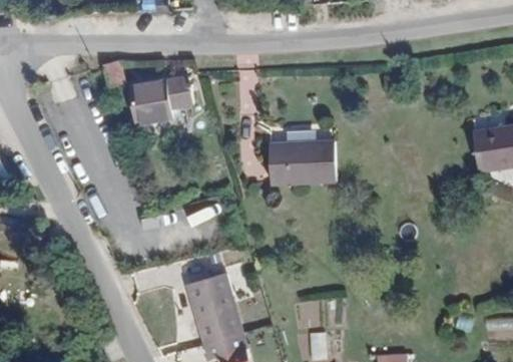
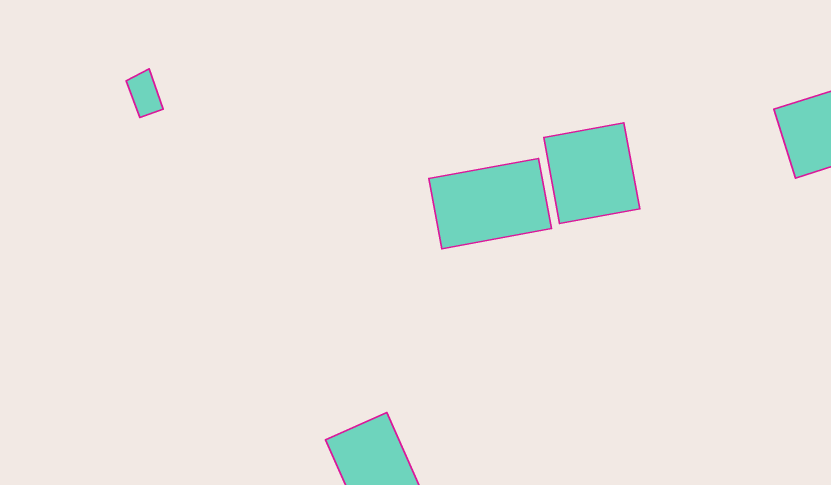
building: [131,77,193,124] -> none
building: none -> [544,123,640,223]

